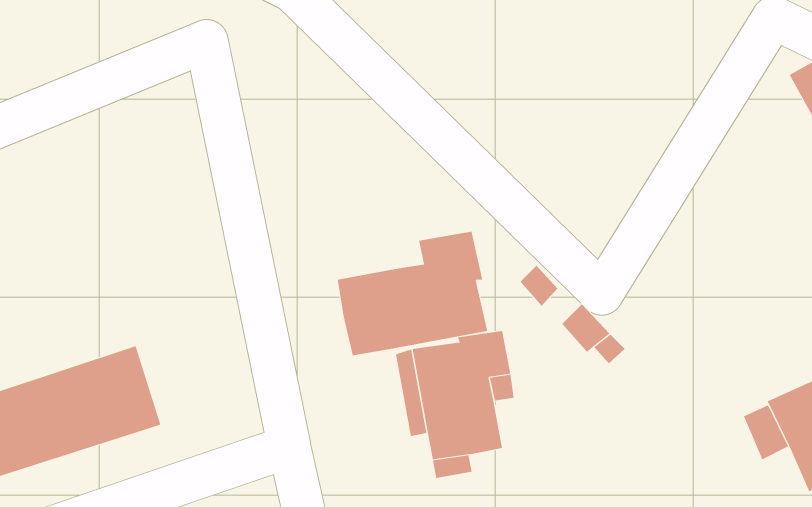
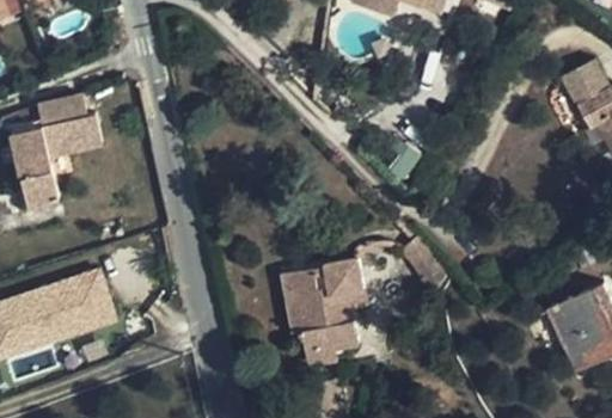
building: none -> [11,94,102,205]
building: [337,231,488,356] -> none

